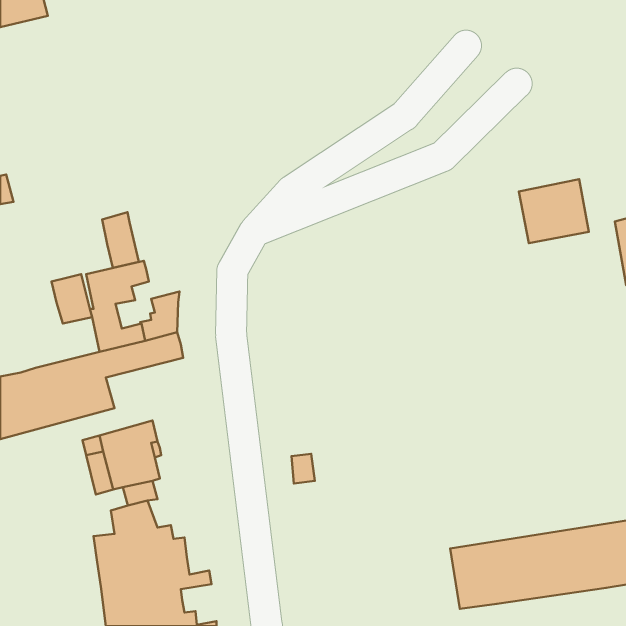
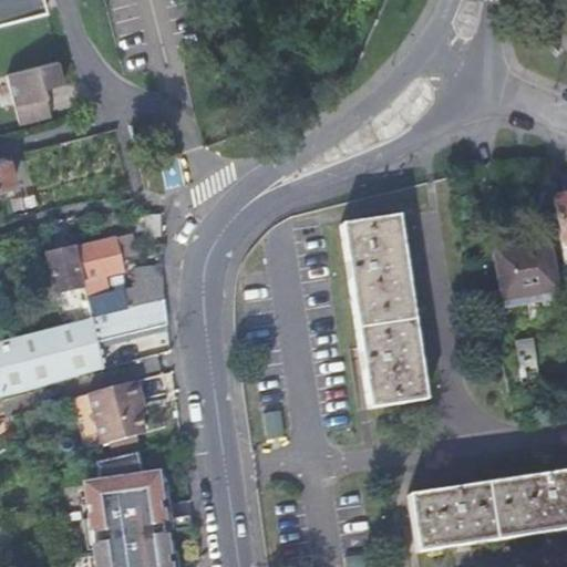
building: none -> [7,63,63,124]
building: [519,179,589,243] -> [496,244,559,301]
building: [102,212,139,268] -> none
building: none -> [341,212,426,406]

